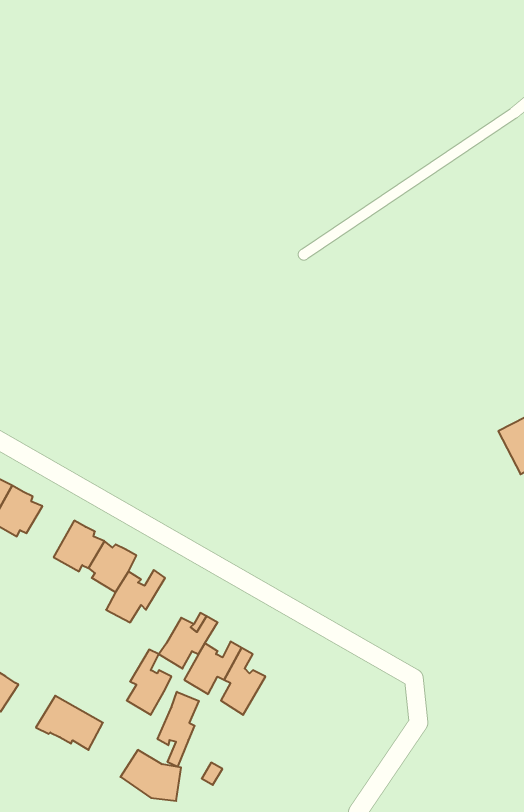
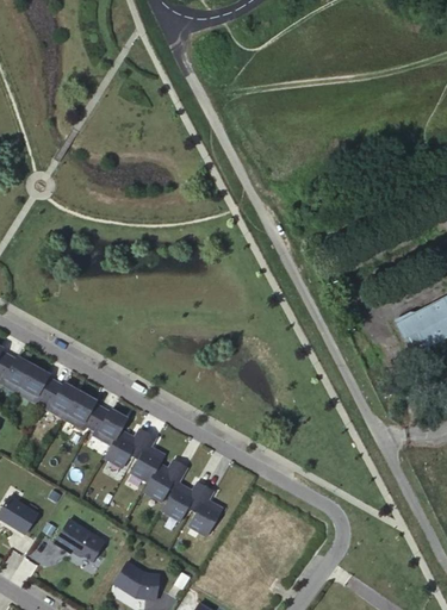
building: none -> [43,379,79,417]
building: [127,650,171,715] -> [130,432,163,481]
building: [158,692,199,767] -> none

